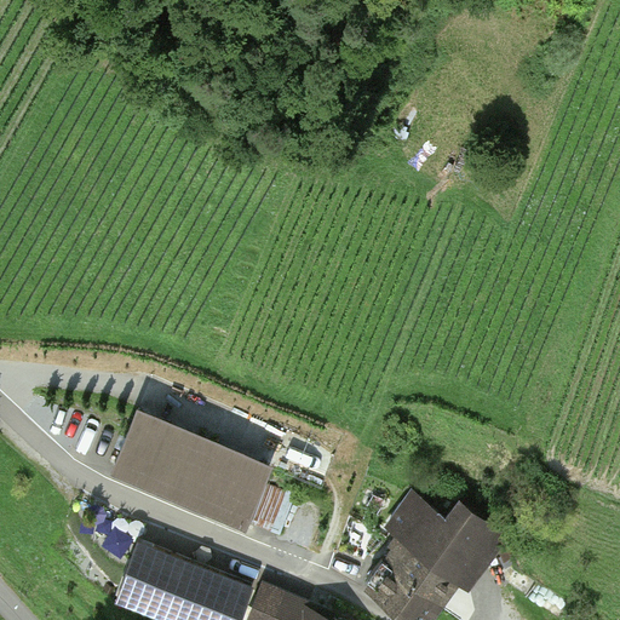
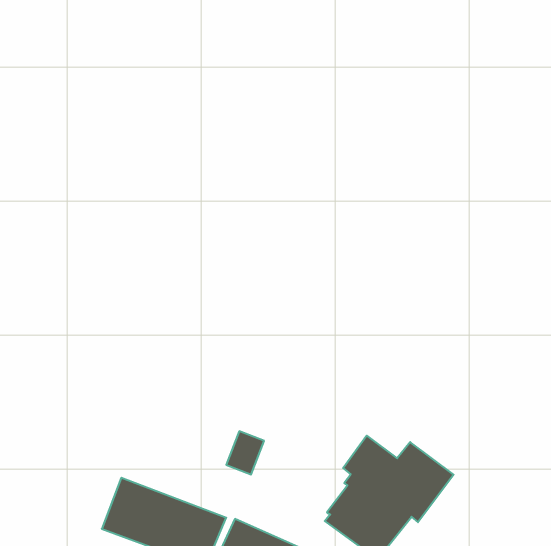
building: [110,409,271,528] -> none

